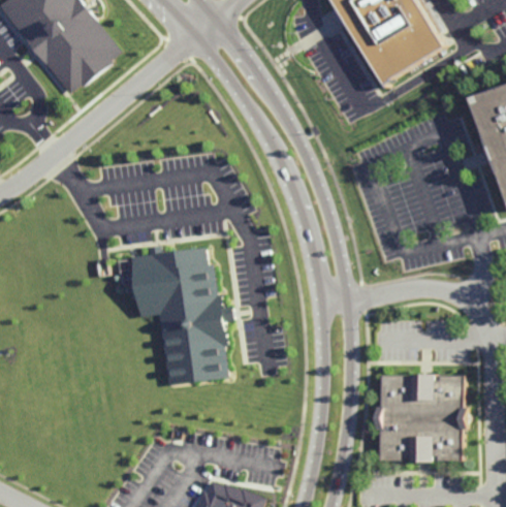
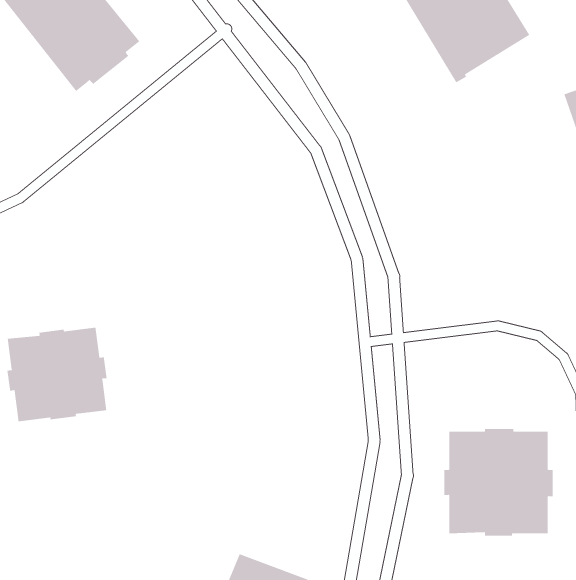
building: [131,248,228,383] -> none
building: none -> [7,327,107,422]

